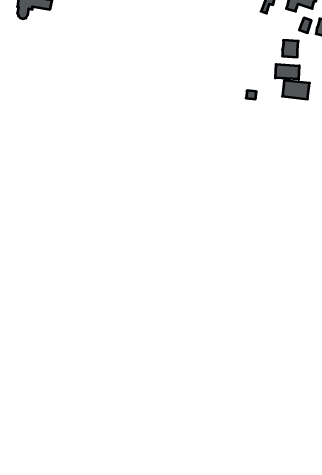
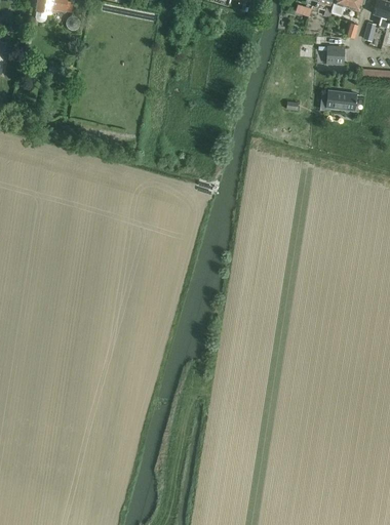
building: [275,64,299,79] -> none

